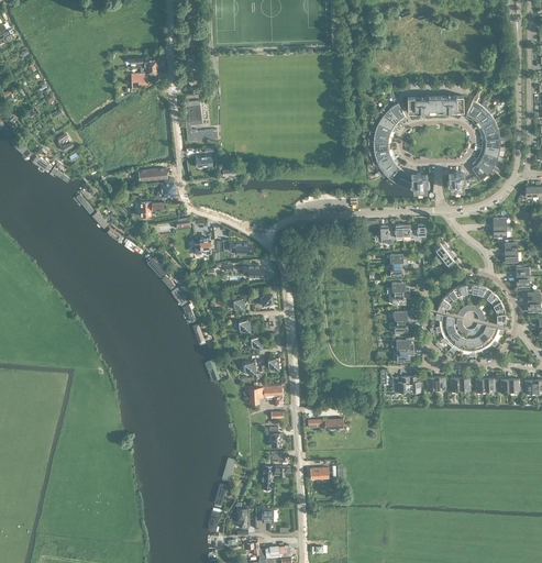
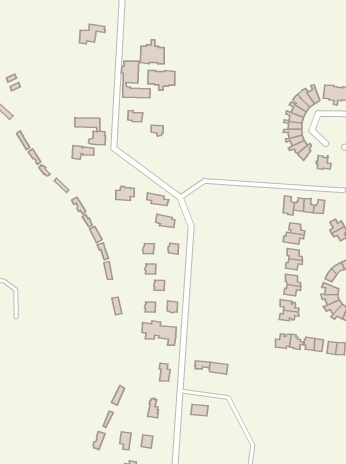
building: none -> [141,40,164,64]
building: none -> [148,70,175,90]

